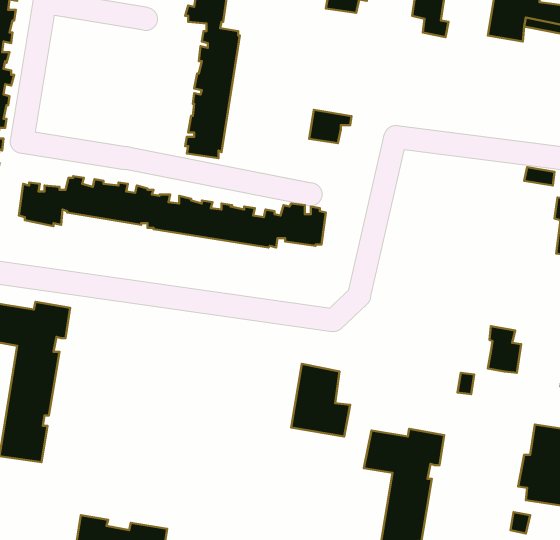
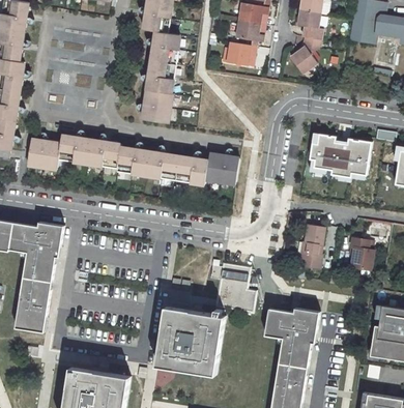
building: none -> [234,20,262,41]
building: none -> [289,36,319,75]
building: [309,110,352,143] -> [225,42,254,65]
building: none -> [309,133,370,182]
building: none -> [298,225,323,269]
building: none -> [155,307,224,374]

